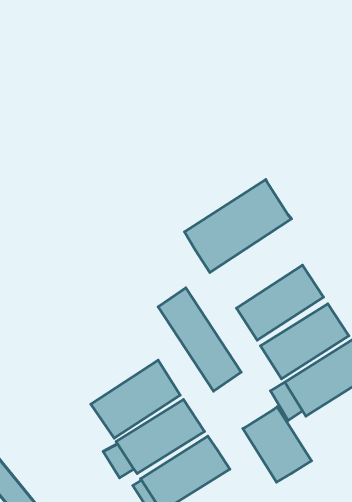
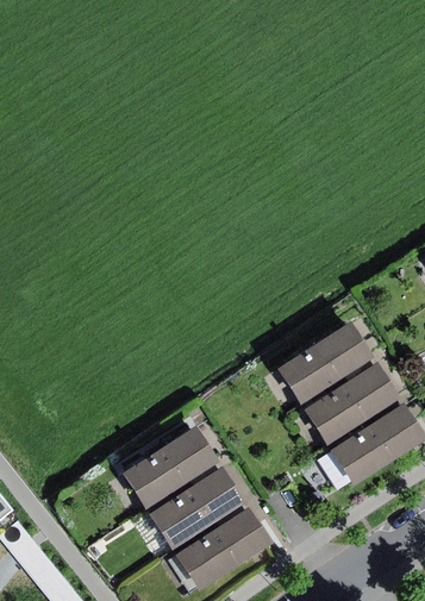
building: [185,180,292,273] -> none
building: [158,288,241,391] -> none
building: [243,407,312,482] -> none

